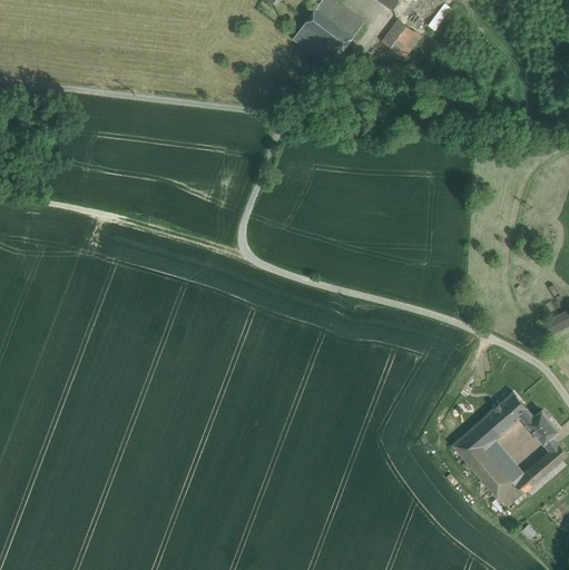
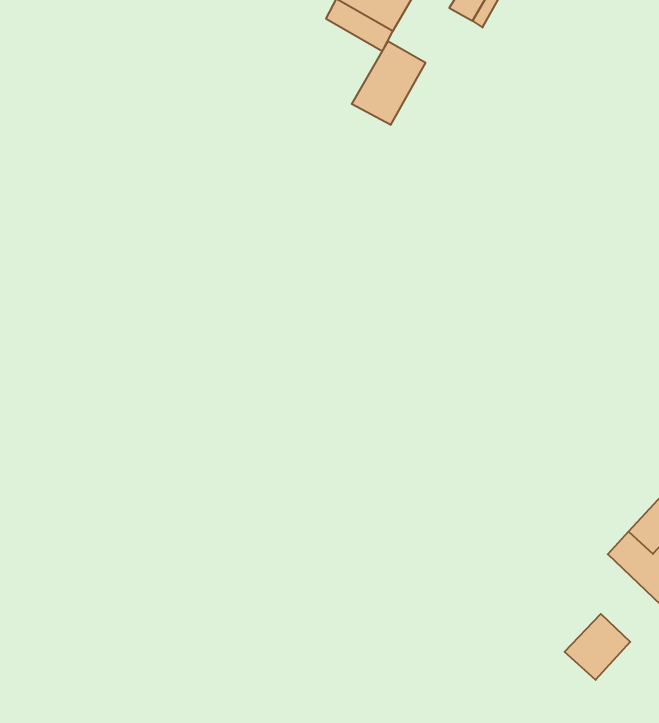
building: none -> [352,41,425,125]
building: none -> [565,614,630,680]

